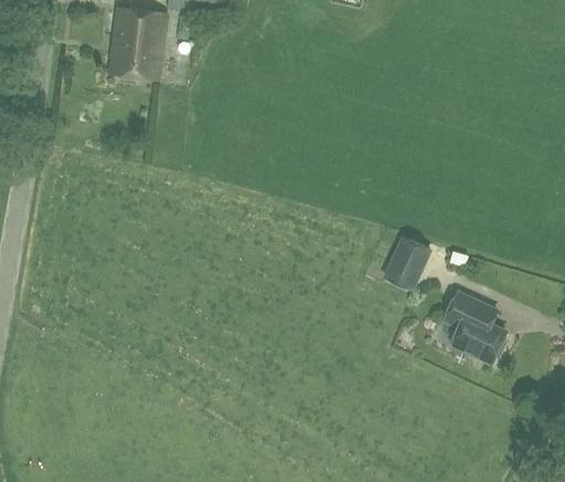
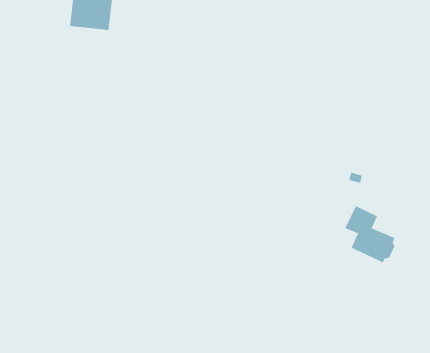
building: [385,236,430,289] -> none

